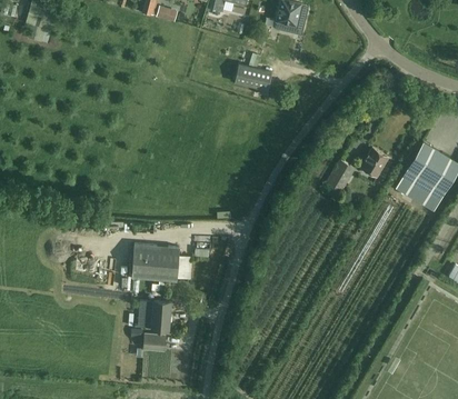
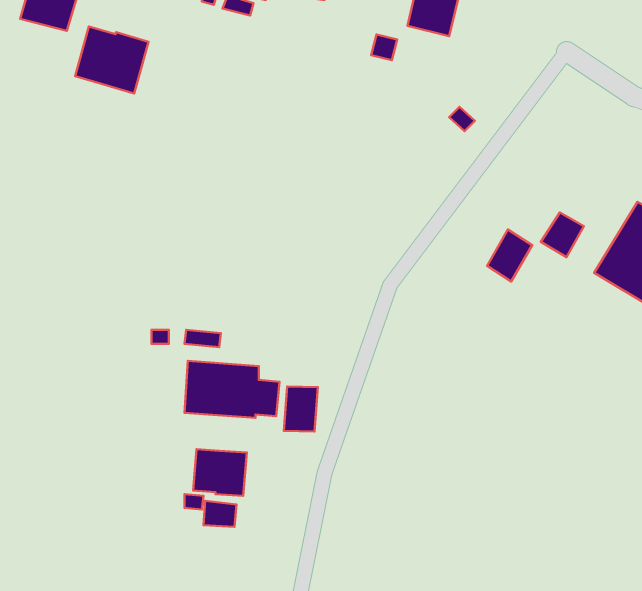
building: none -> [75,27,149,94]
building: [235,63,272,89] -> none
building: none -> [284,387,318,432]

